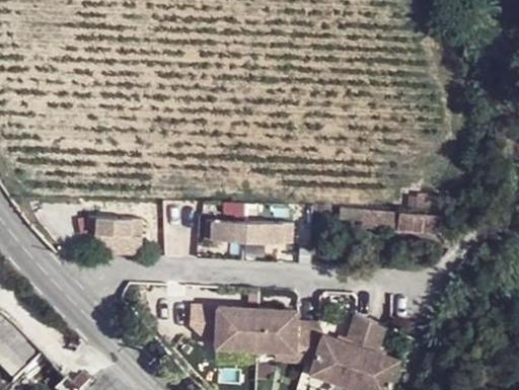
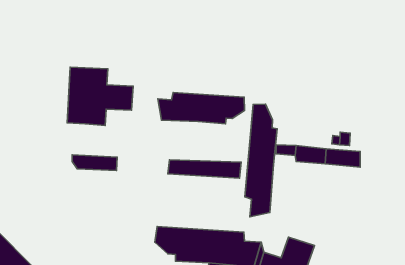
building: none -> [67,67,133,125]
building: none -> [158,93,244,124]
building: none -> [245,104,277,217]

